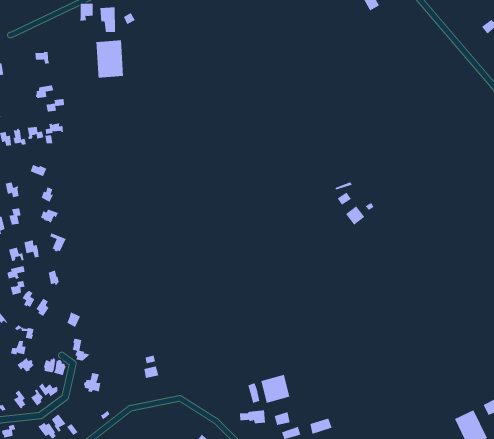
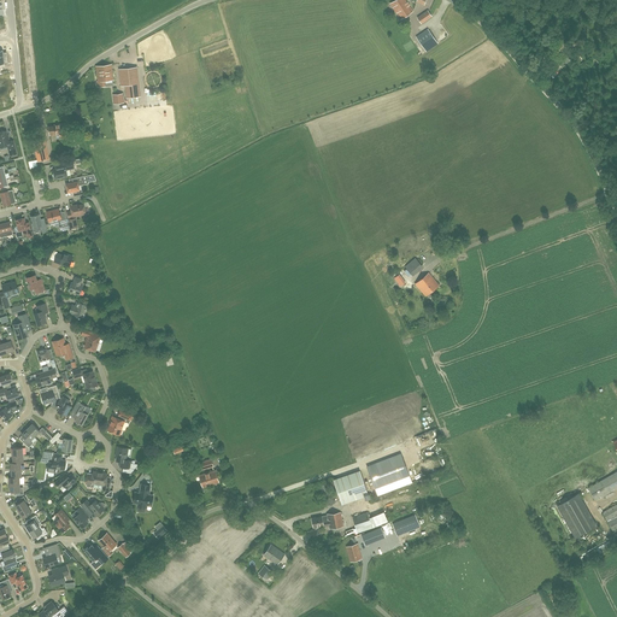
building: [96,40,124,79] -> none
building: none -> [365,454,411,495]

